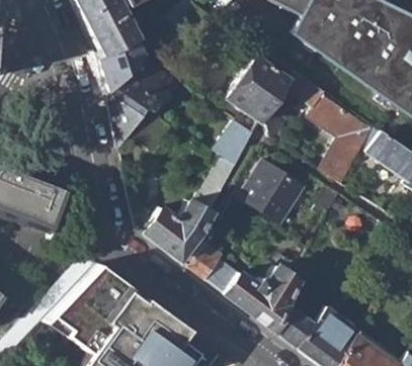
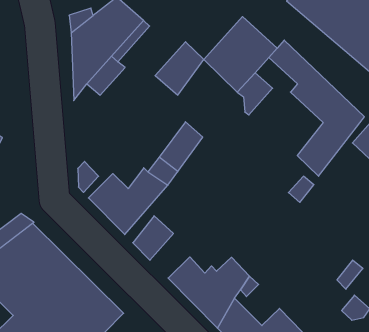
building: [214,118,254,166] -> [155,42,204,95]
building: [240,160,304,222] -> none

